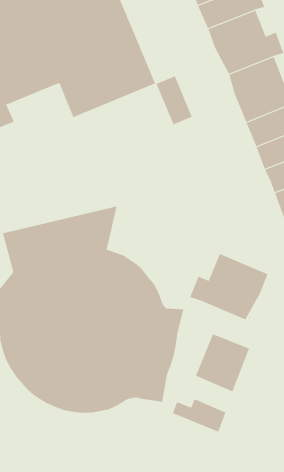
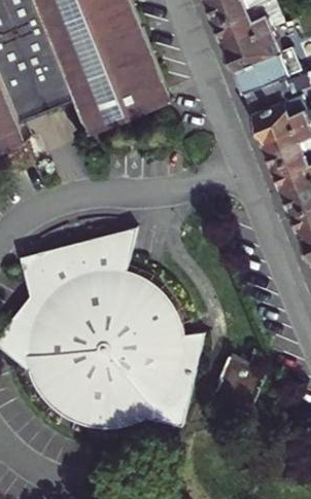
building: [156,76,192,125] -> none
building: [189,253,268,320] -> none
building: [172,399,226,432] -> none

